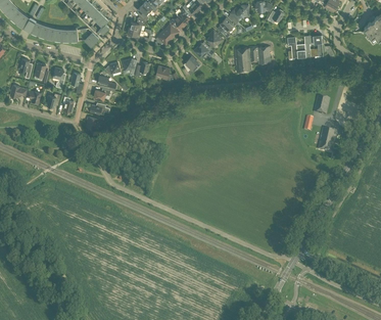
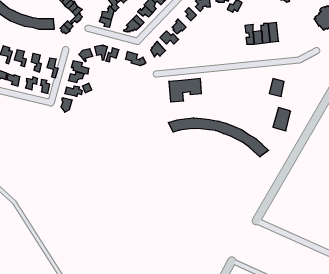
building: [234,46,270,72] -> [169,79,201,102]
building: none -> [168,118,269,157]

